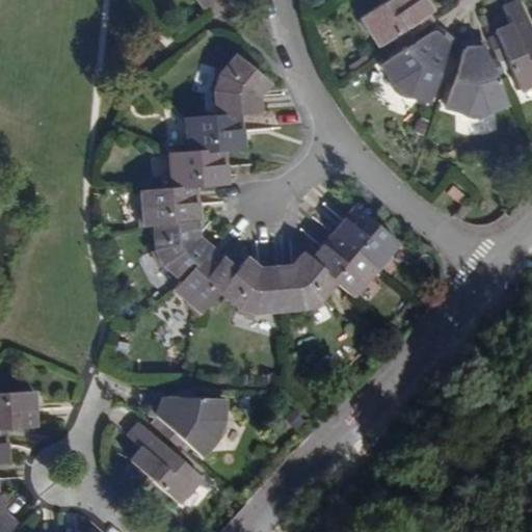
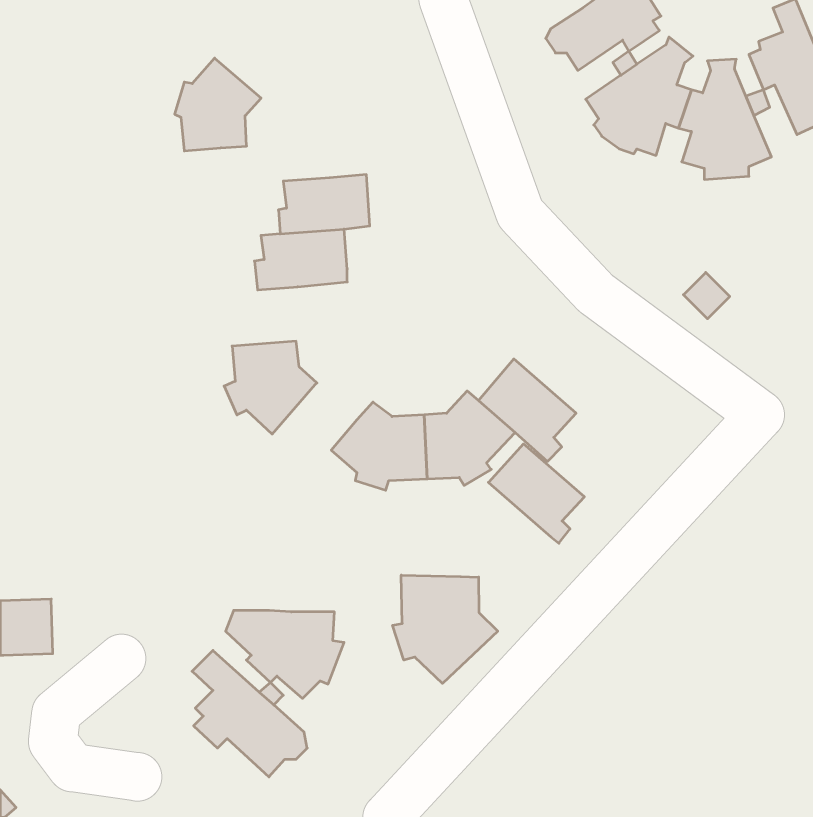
building: [211,55,267,115] -> [175,58,261,151]
building: [138,186,200,225] -> none
building: [337,208,399,272] -> [488,444,584,543]
building: [174,248,235,315] -> none
building: none -> [393,575,498,683]

